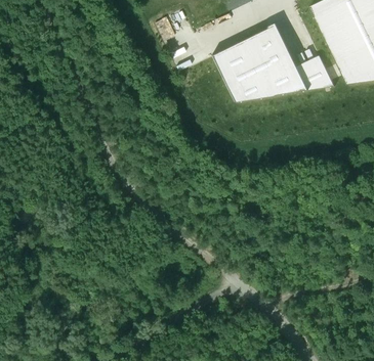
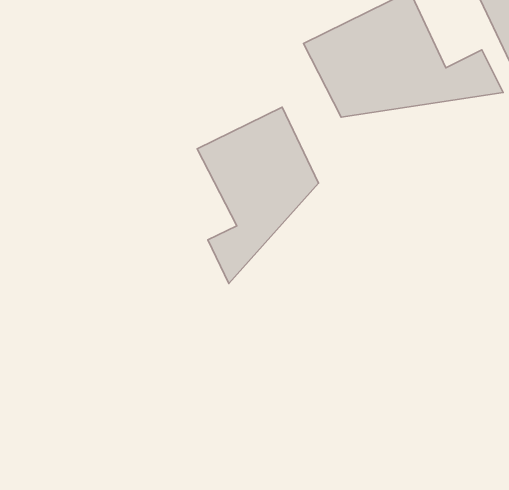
building: none -> [197,107,318,284]

